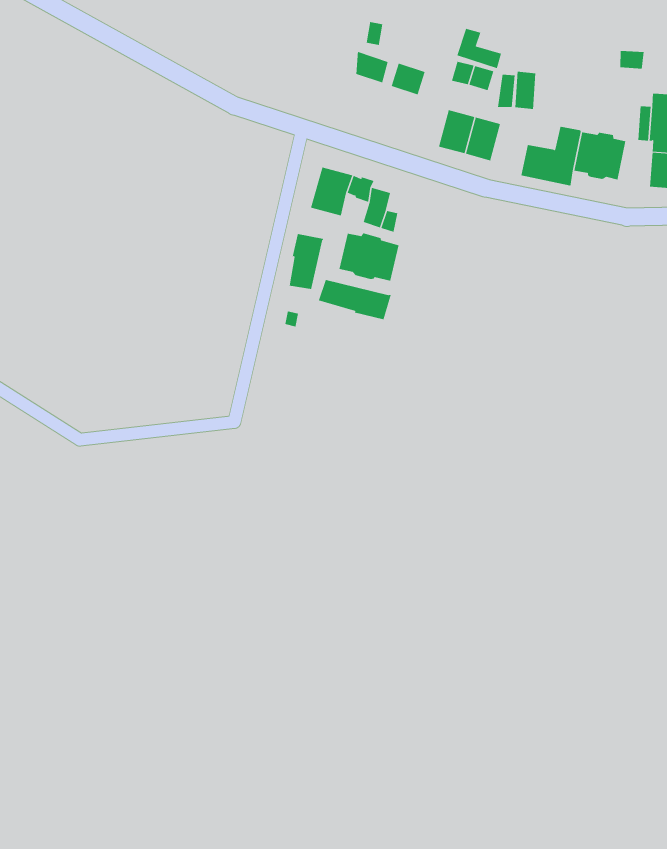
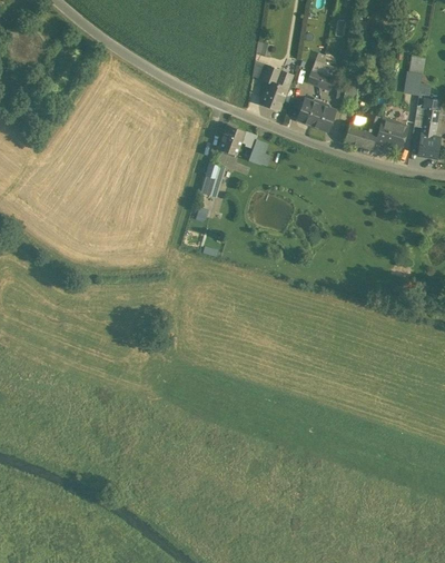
building: none -> [257,79,287,109]
building: [339,233,399,282] -> none
building: [318,279,392,320] -> none

